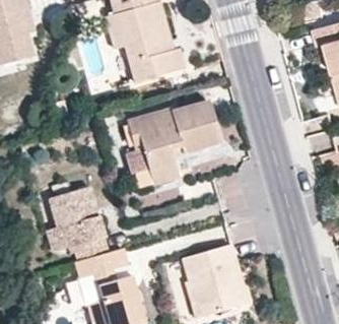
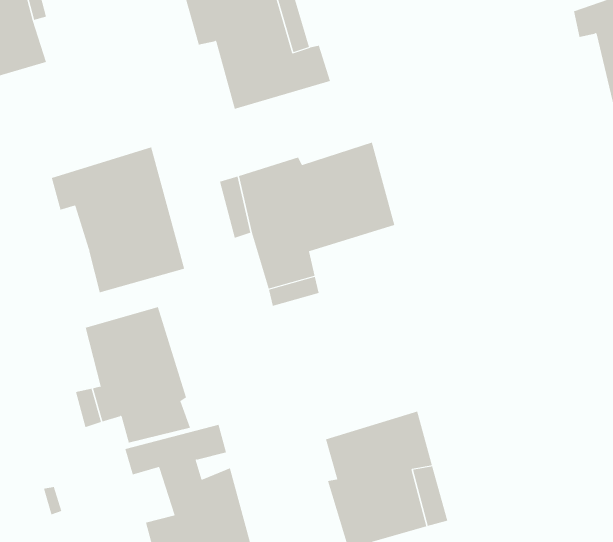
building: none -> [51,147,185,293]

